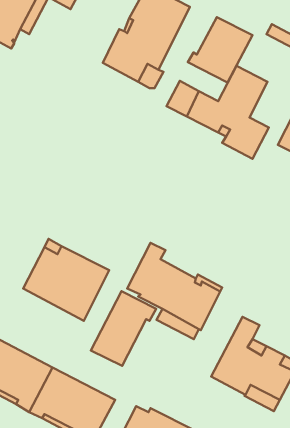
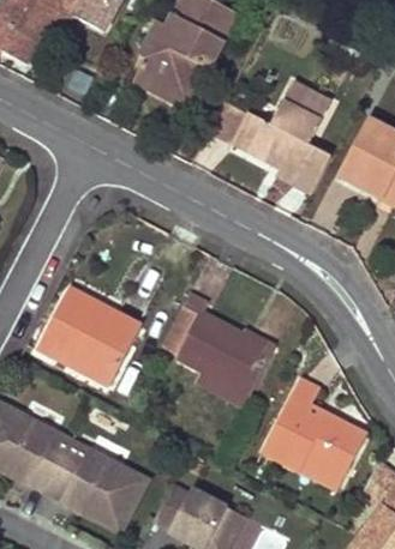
building: [188,17,252,83] -> none
building: [91,291,156,366] -> none

